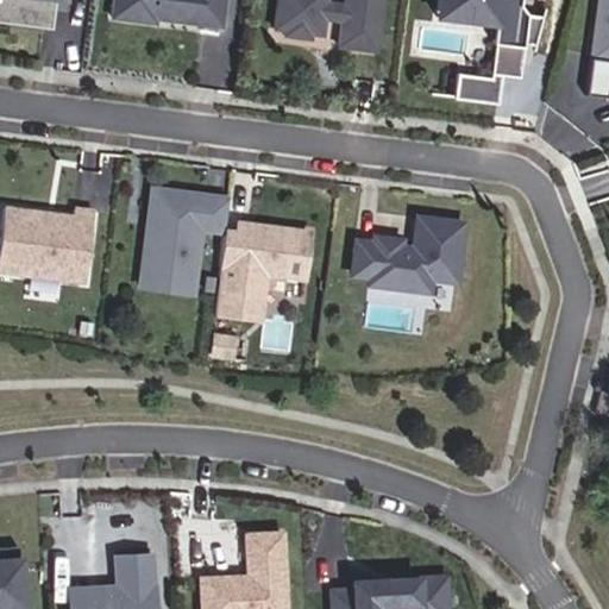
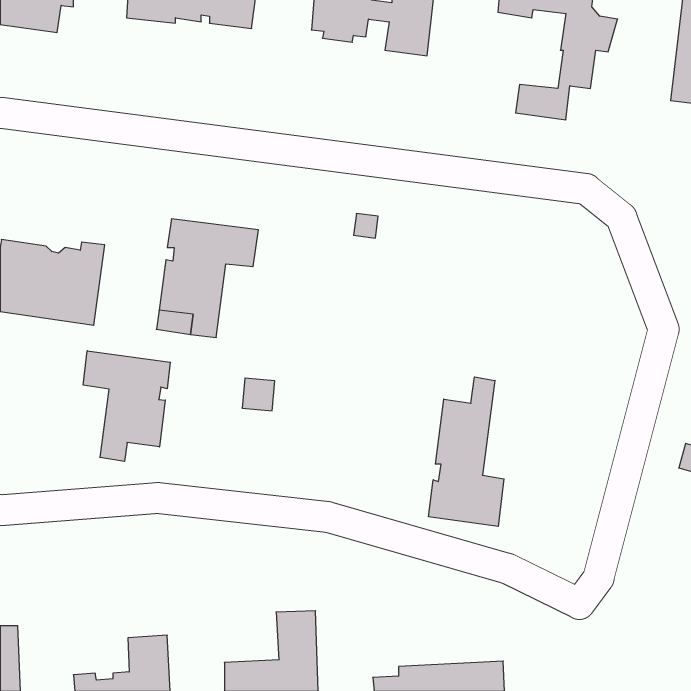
building: [352,220,463,294] -> none
building: [214,226,309,320] -> none
building: none -> [83,351,170,461]
building: none -> [429,377,504,526]

